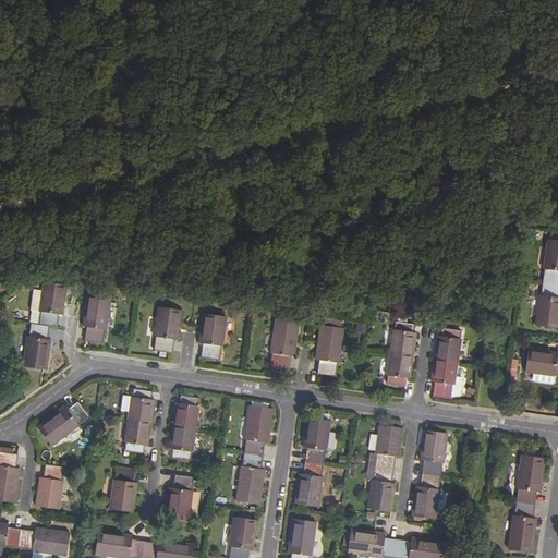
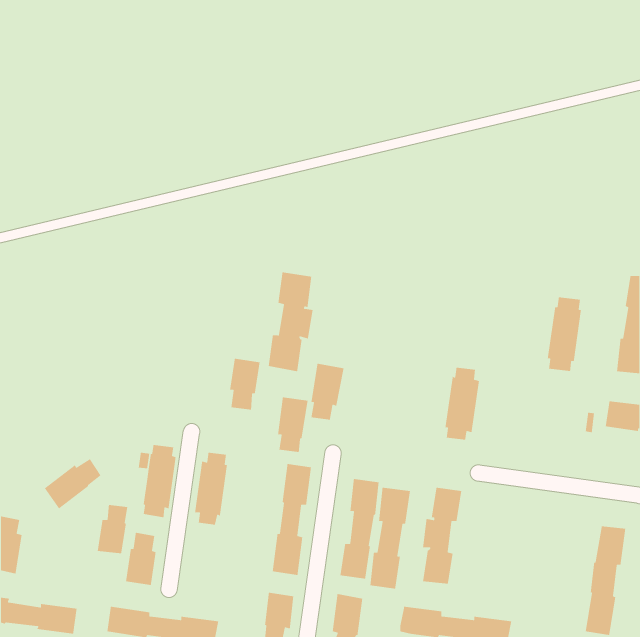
building: none -> [268,272,314,372]
building: [23,281,66,368] -> none
building: [84,293,111,342] -> none
building: [154,306,182,352] -> none
building: [316,326,343,375] -> [277,396,308,453]
building: [433,328,463,393] -> [547,297,582,372]
building: [413,430,449,520] -> [369,487,411,590]
building: [36,464,63,508] -> [97,504,128,554]
building: [165,475,193,520] -> none

